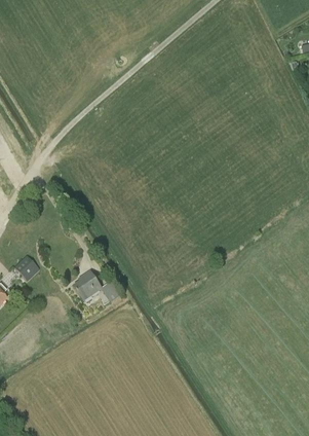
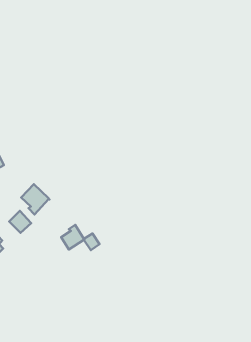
building: none -> [21,184,49,214]

